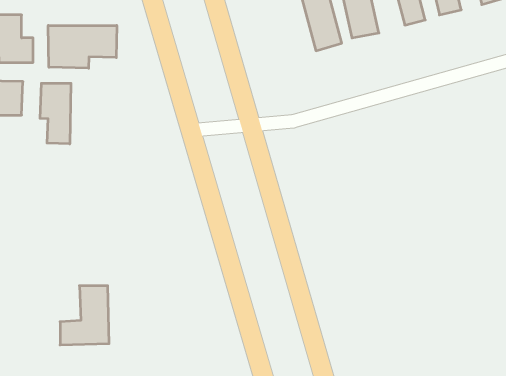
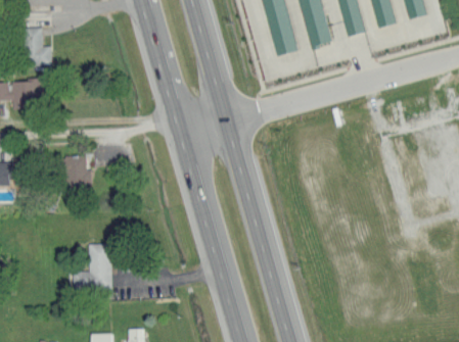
building: [48,25,117,68] -> none
building: [40,83,71,144] -> none
building: none -> [66,154,93,189]

